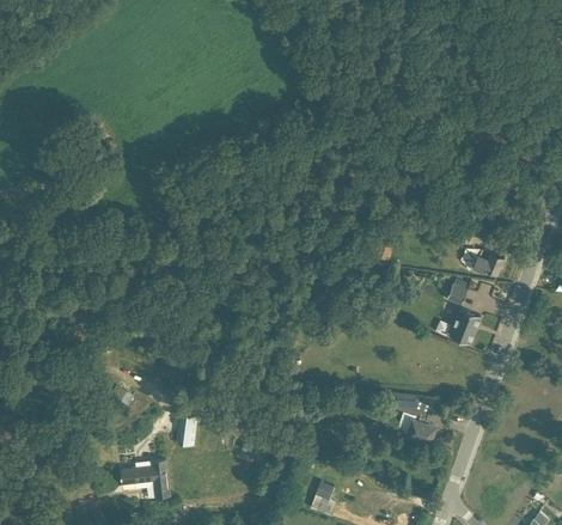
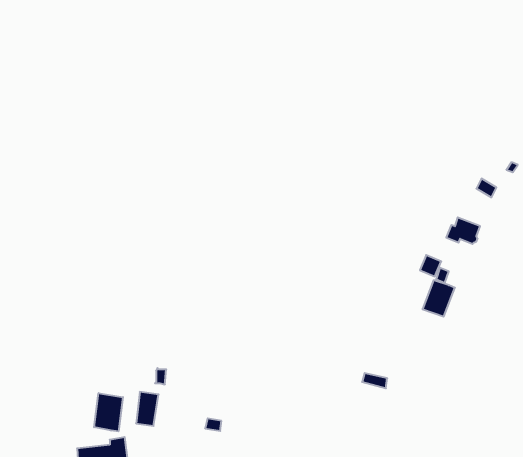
building: [403,410,434,442] -> none
building: none -> [94,393,123,431]

